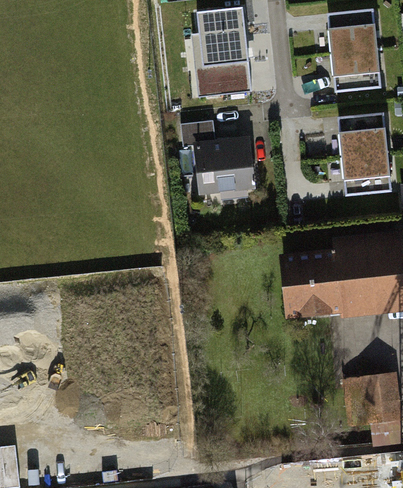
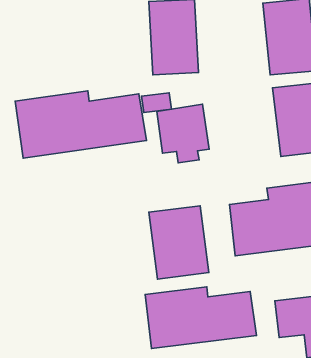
building: none -> [15,91,146,158]
building: none -> [149,206,209,279]
building: none -> [145,287,257,349]

